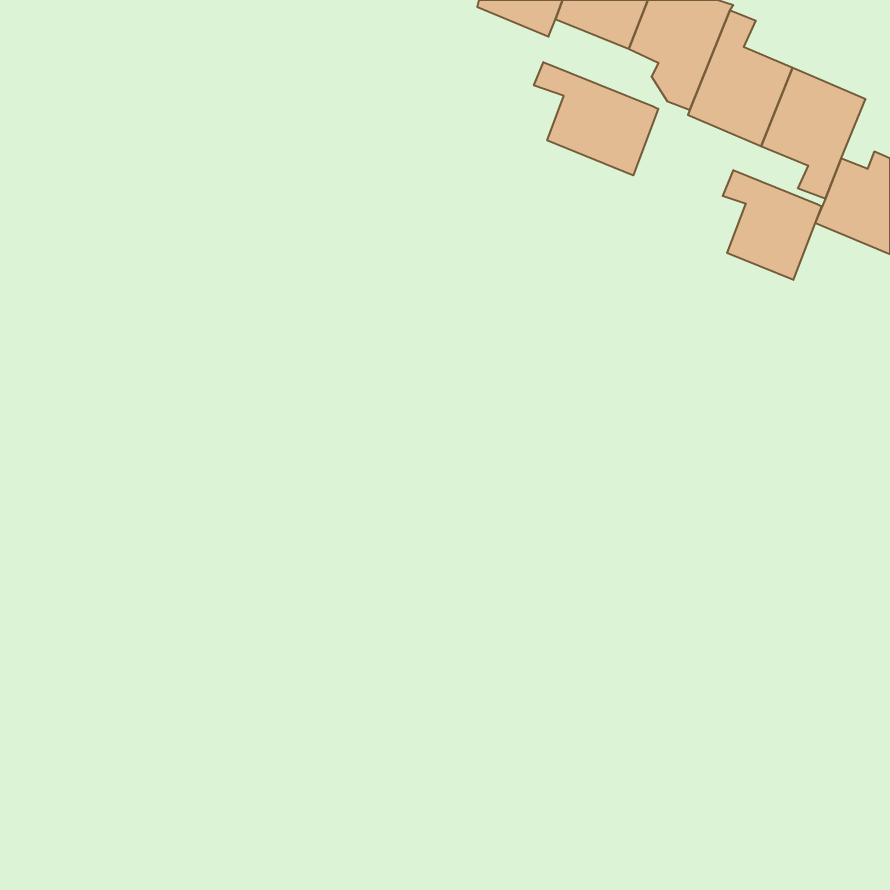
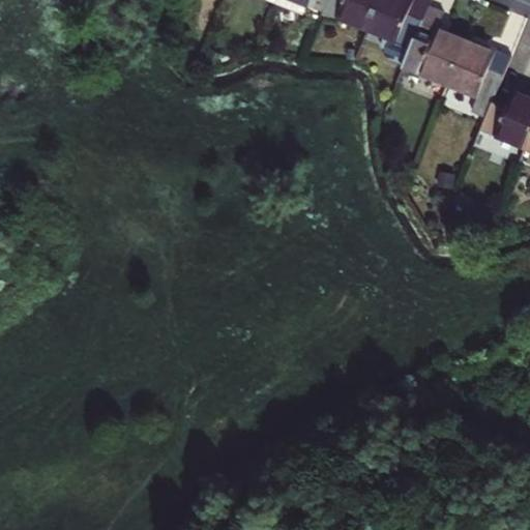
building: [534,62,658,175] -> none
building: [723,170,822,280] -> none

